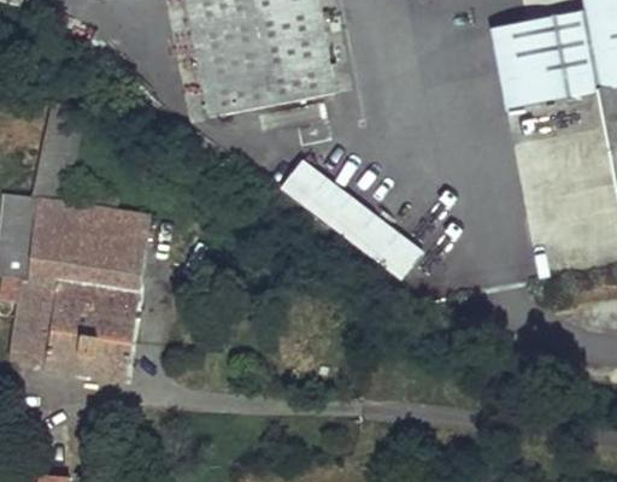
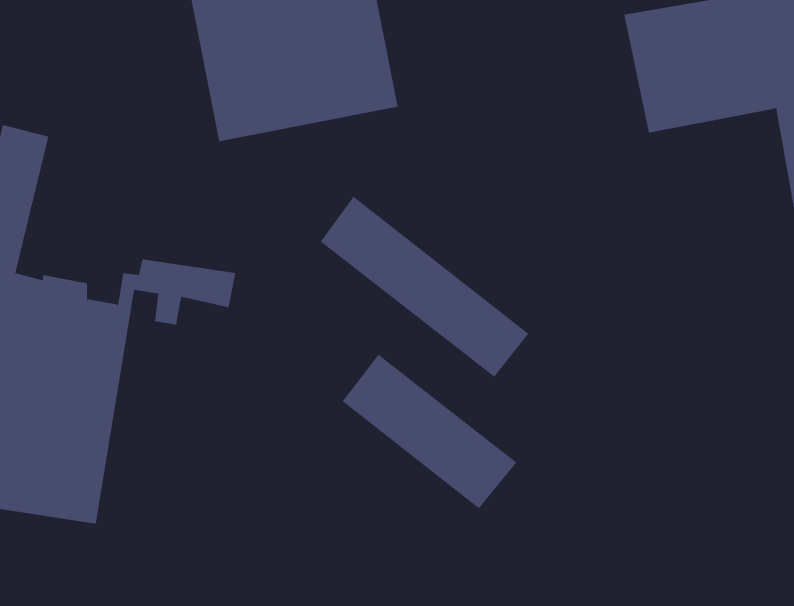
building: none -> [342,354,517,509]

